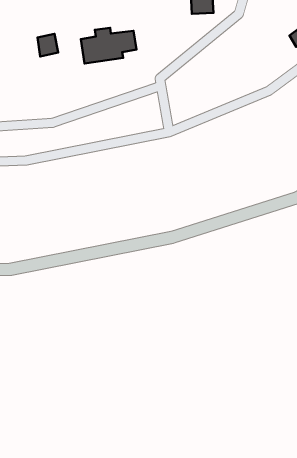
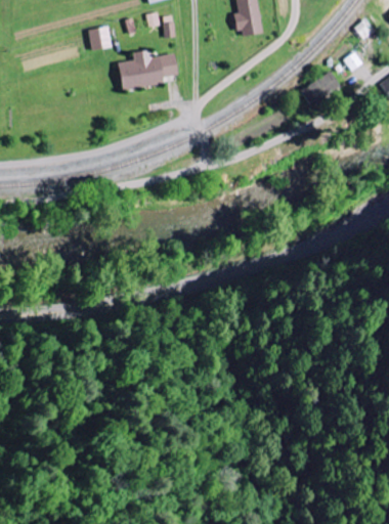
building: [37,34,58,56] -> [90,26,113,50]
building: none -> [301,71,340,105]

